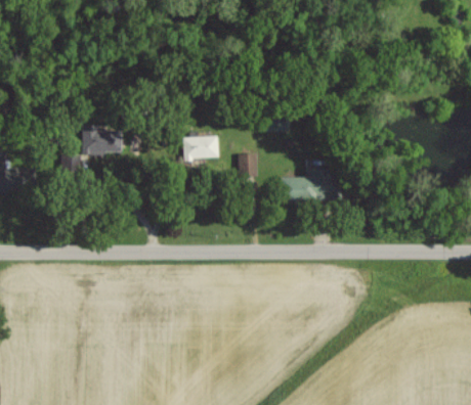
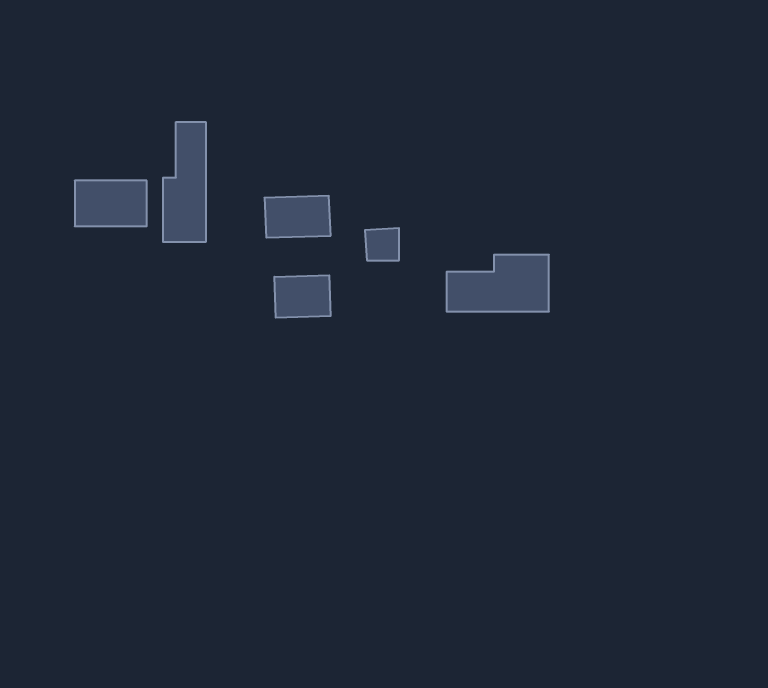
building: none -> [163,122,206,242]
building: none -> [274,275,331,318]

